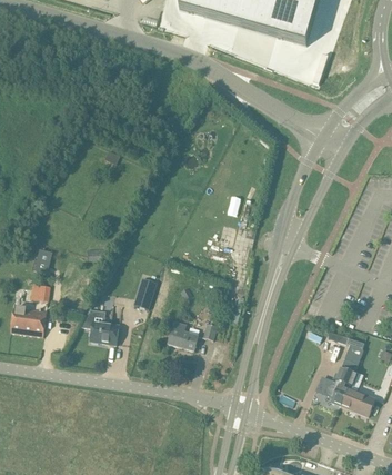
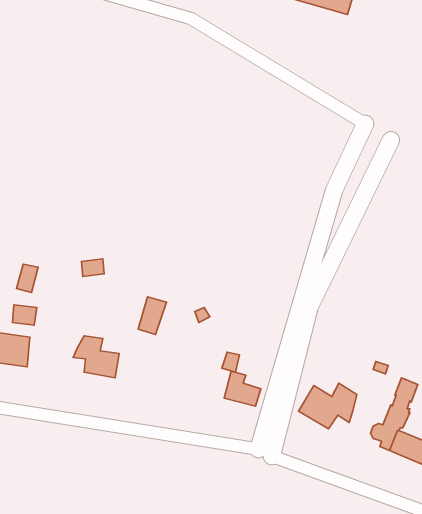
building: [168,319,198,348] -> [224,371,261,406]
building: none -> [299,383,357,429]

